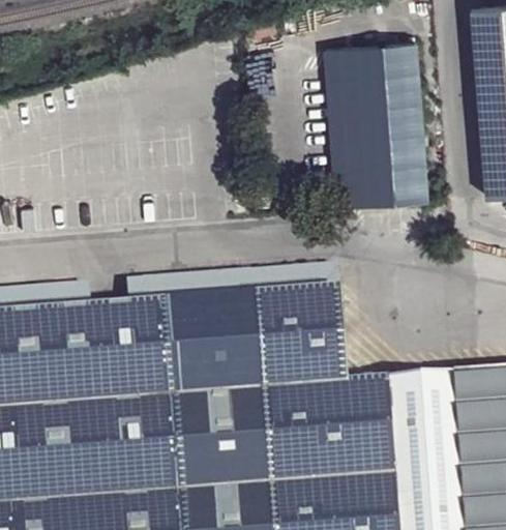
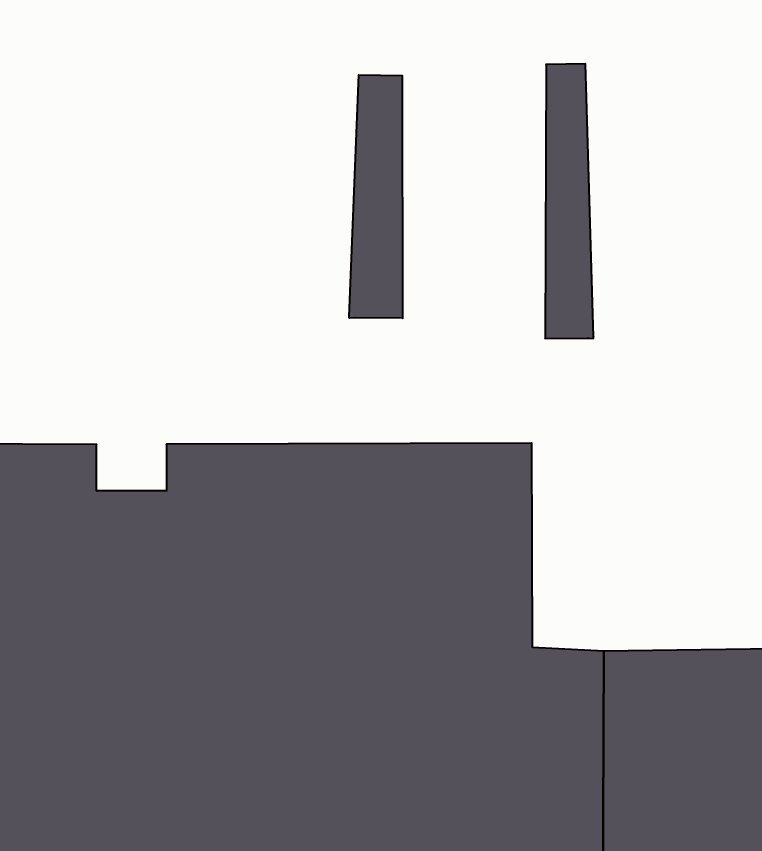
building: [352,46,426,206] -> none
building: none -> [349,75,403,318]

